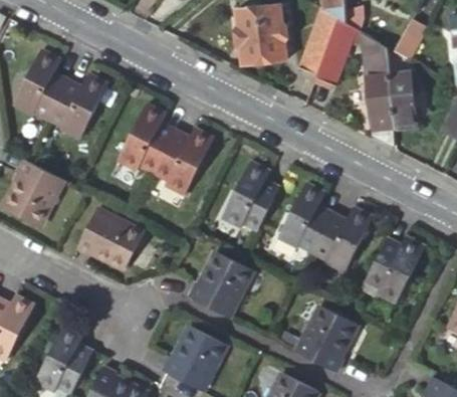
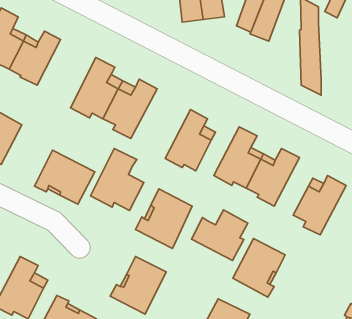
building: [393,65,418,130] -> none
building: none -> [91,149,144,210]
building: none -> [191,210,248,261]

